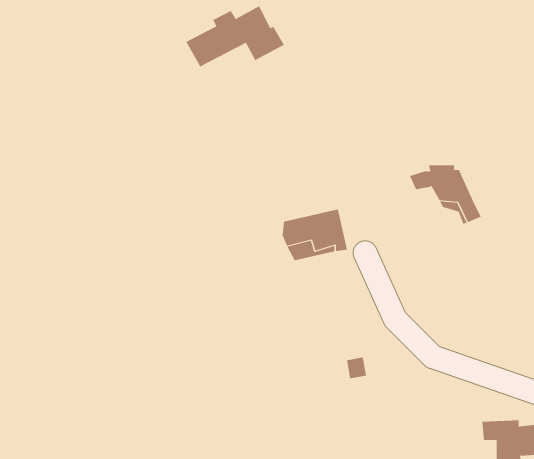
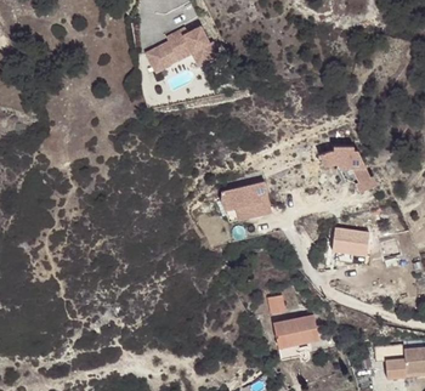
building: none -> [332,231,368,257]
building: none -> [273,316,317,359]

